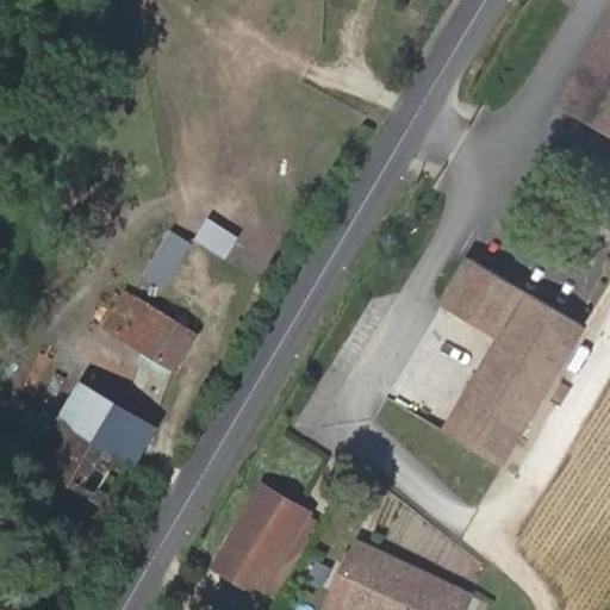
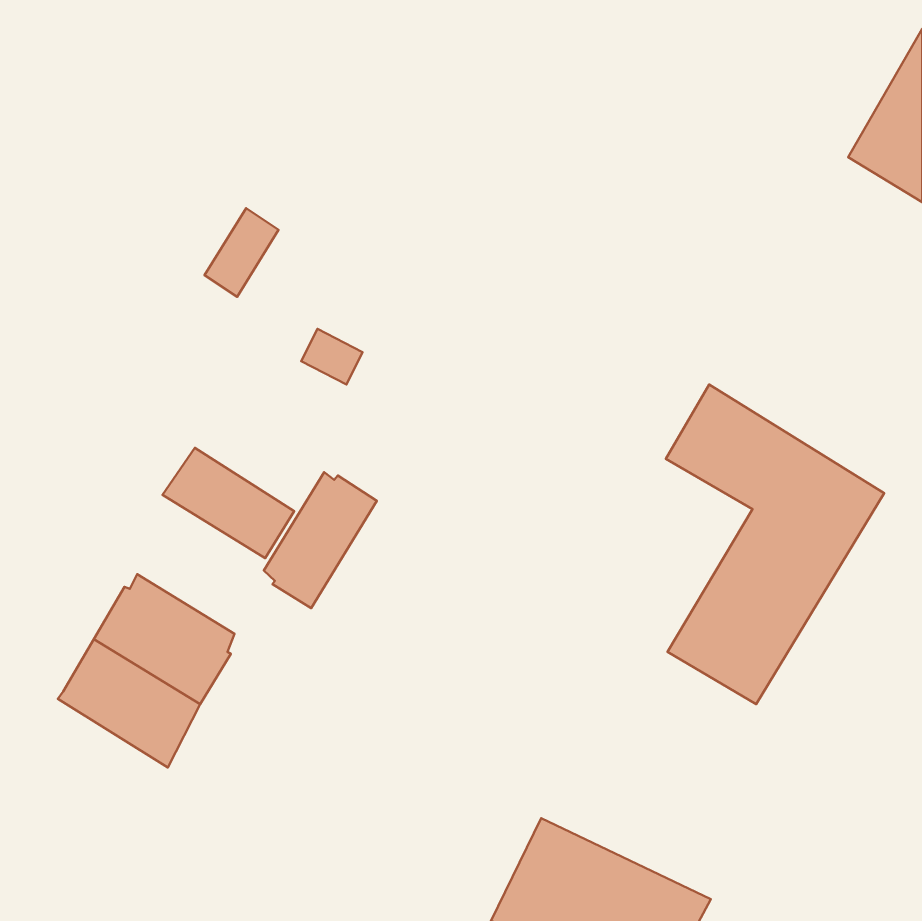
building: [147,228,195,286] -> [205,208,279,297]
building: none -> [264,472,377,608]
building: [212,486,309,593] -> none

